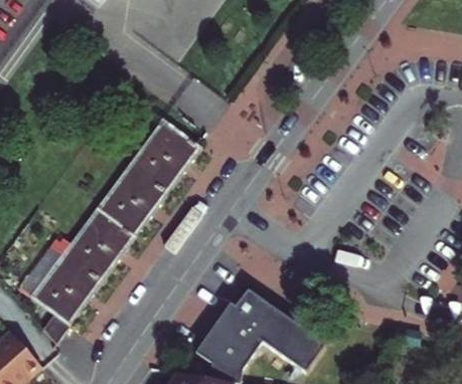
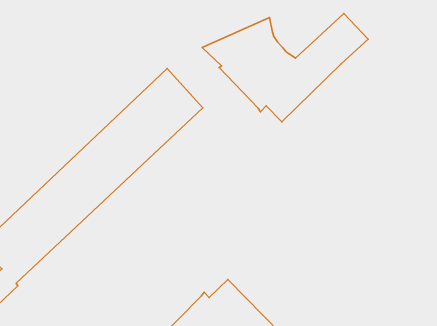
building: none -> [202,13,368,122]

